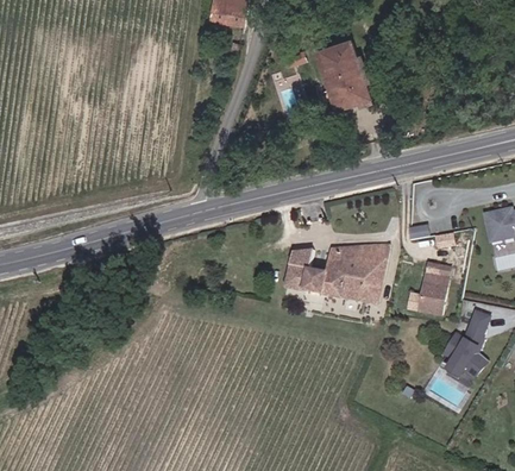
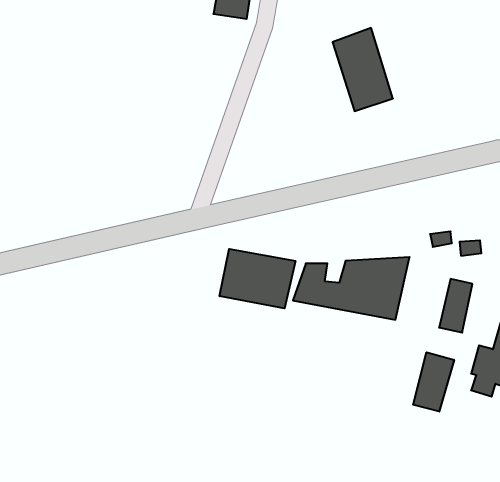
building: none -> [220,249,295,308]
building: none -> [413,352,454,412]

